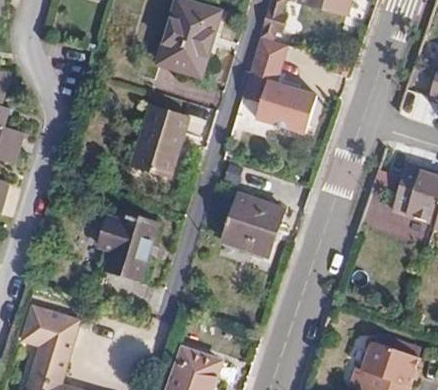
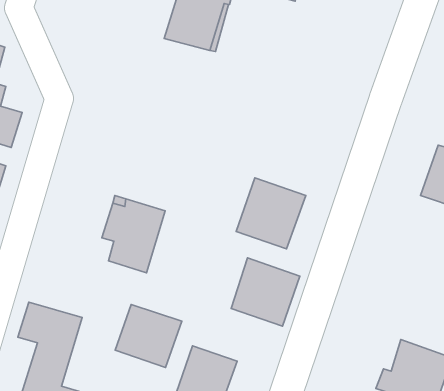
building: [241,35,317,133] -> none
building: [130,103,189,178] -> none
building: none -> [231,258,300,326]
building: none -> [115,305,182,368]

